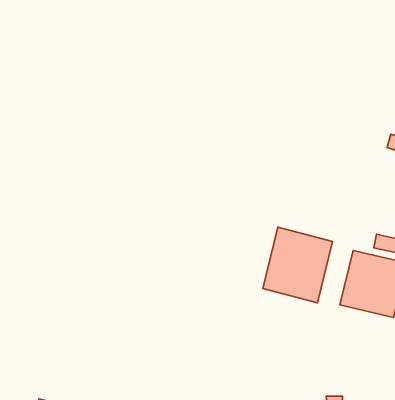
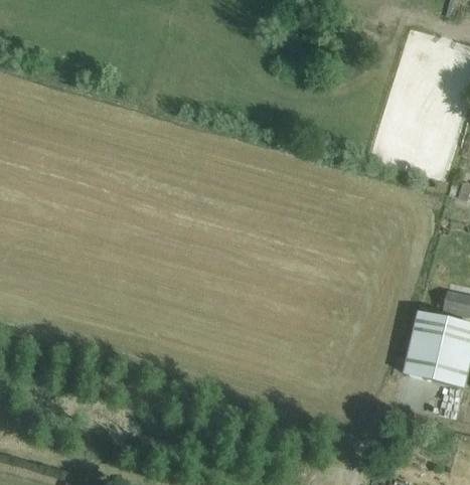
building: [263,227,333,303] -> none

